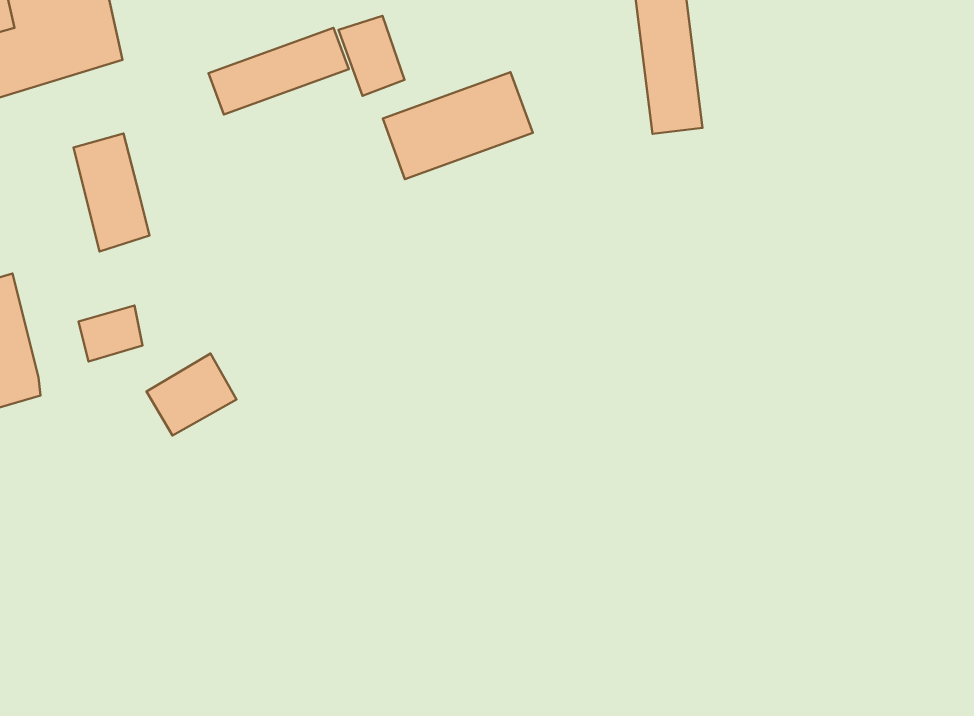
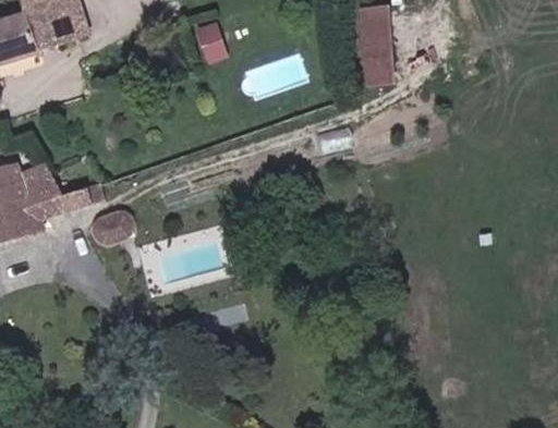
building: [208,28,349,115] -> none
building: [383,72,533,179] -> none
building: [74,134,149,252] -> [17,152,59,217]

